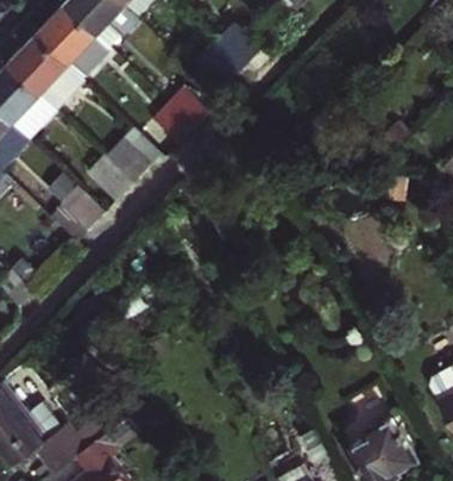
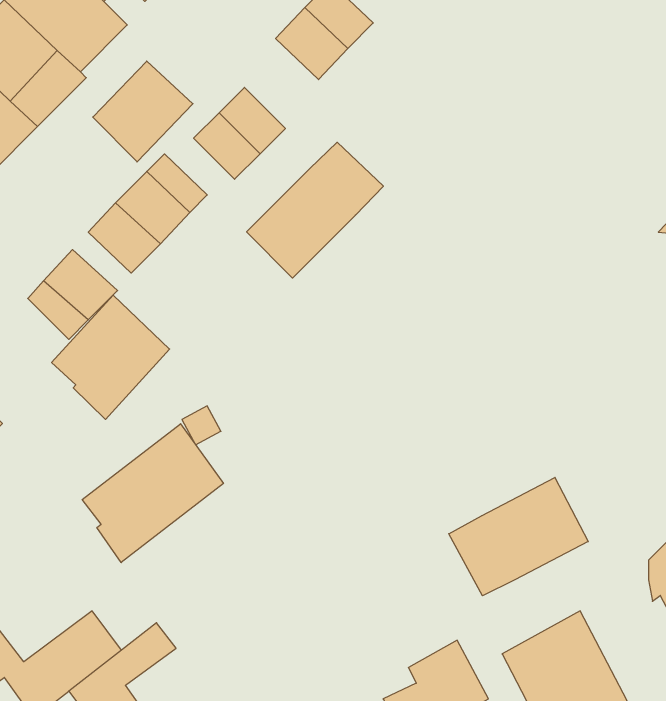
building: none -> [93,61,193,162]
building: none -> [247,142,383,278]
building: none -> [52,295,170,419]
building: none -> [82,424,223,563]
building: none -> [449,477,588,596]

